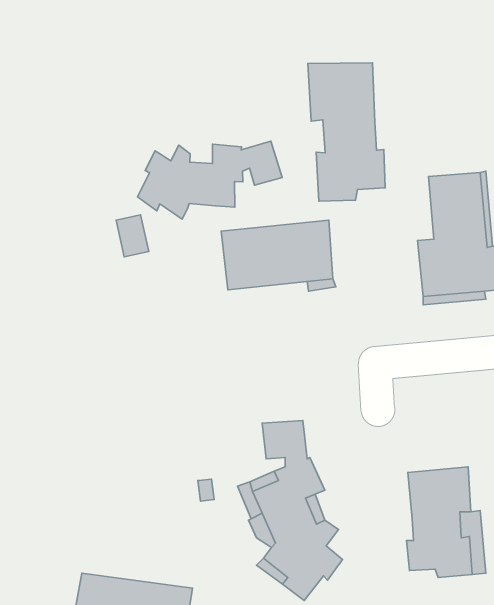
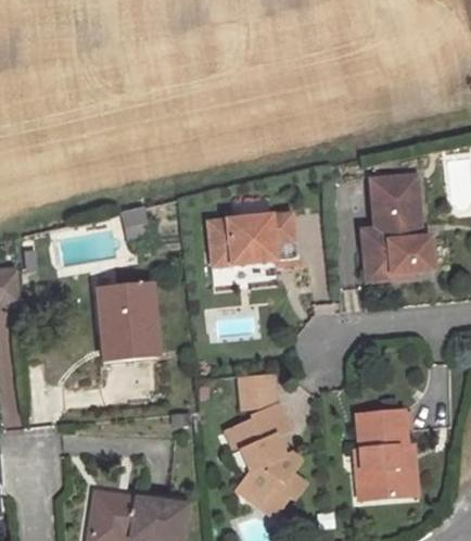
building: [308,63,385,201] -> none
building: [138,141,282,219] -> none
building: none -> [96,285,156,360]

